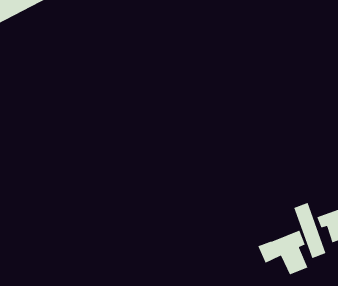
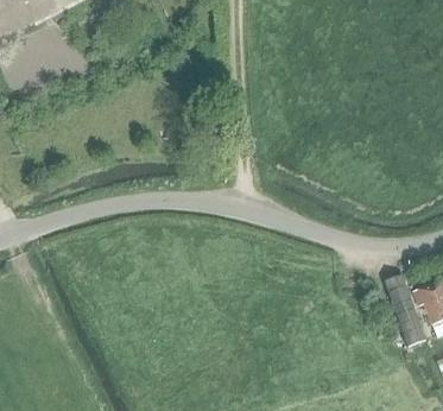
building: [257,229,309,276] -> none

